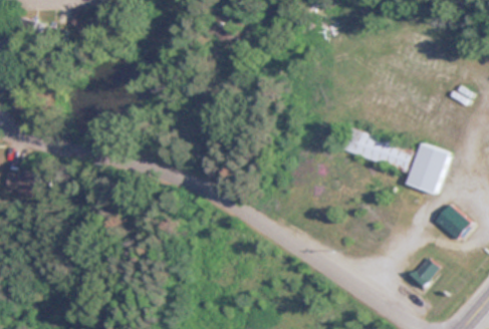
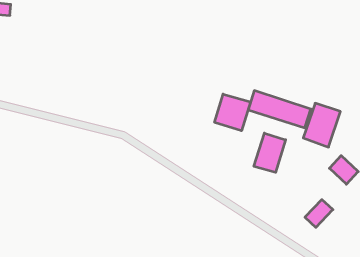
building: none -> [215,94,250,131]
building: none -> [254,133,286,172]

